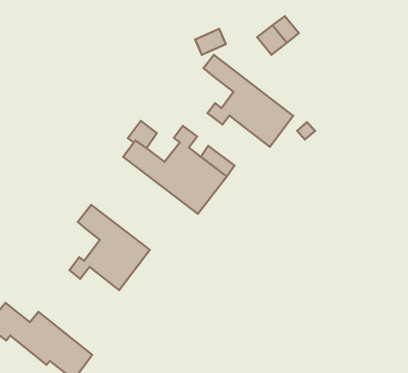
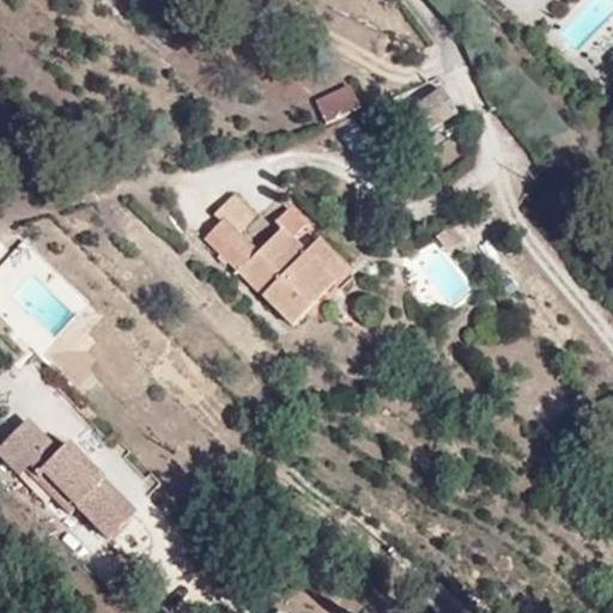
building: [204,55,293,147] -> none
building: [69,205,150,290] -> none

